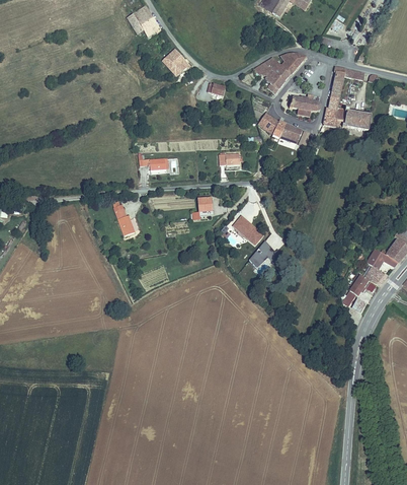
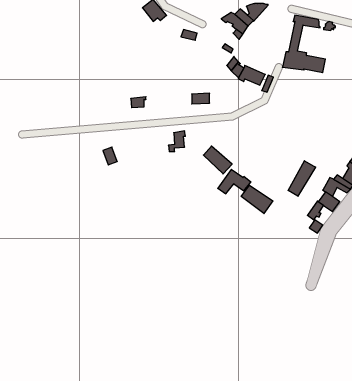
building: [288,94,320,116] -> none
building: none -> [288,161,316,196]
building: none -> [241,185,273,214]

